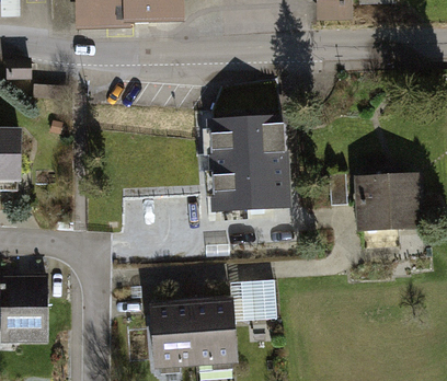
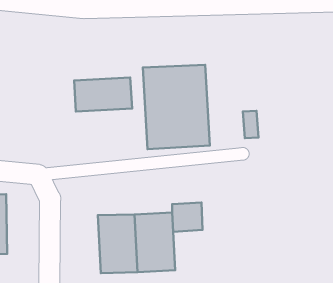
building: none -> [74,77,132,112]
building: [354,169,427,246] -> none

